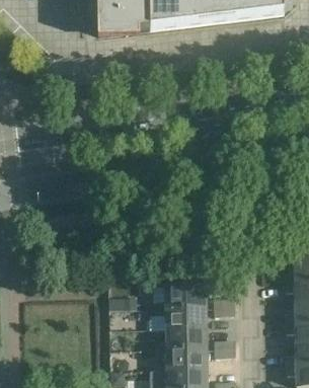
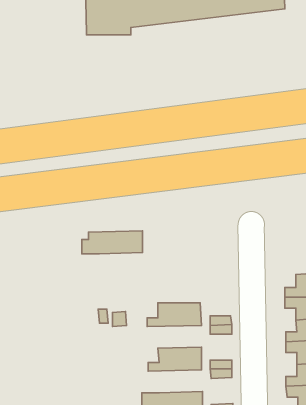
building: [149,309,206,330] -> [82,231,143,254]
building: [156,351,207,372] -> none

